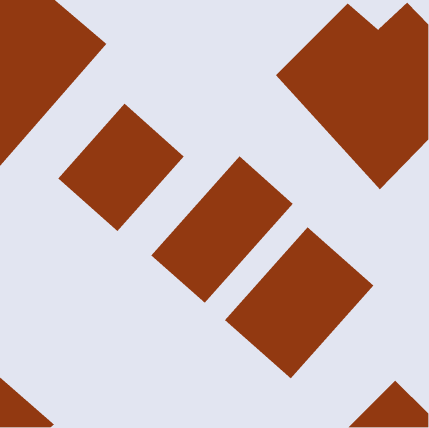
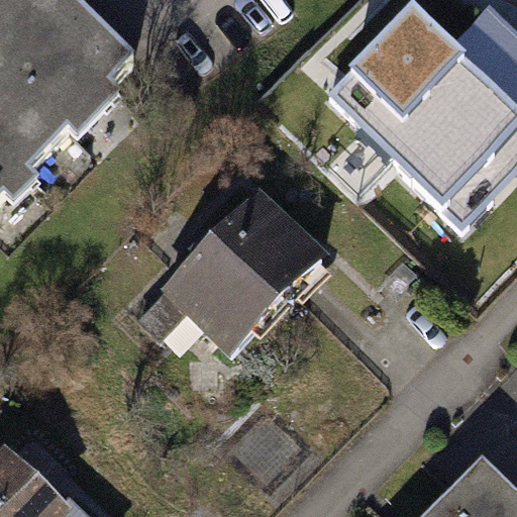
building: [57,103,185,232] -> none
building: [224,227,374,379] -> none

